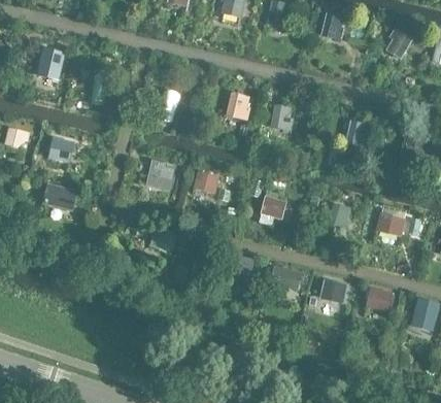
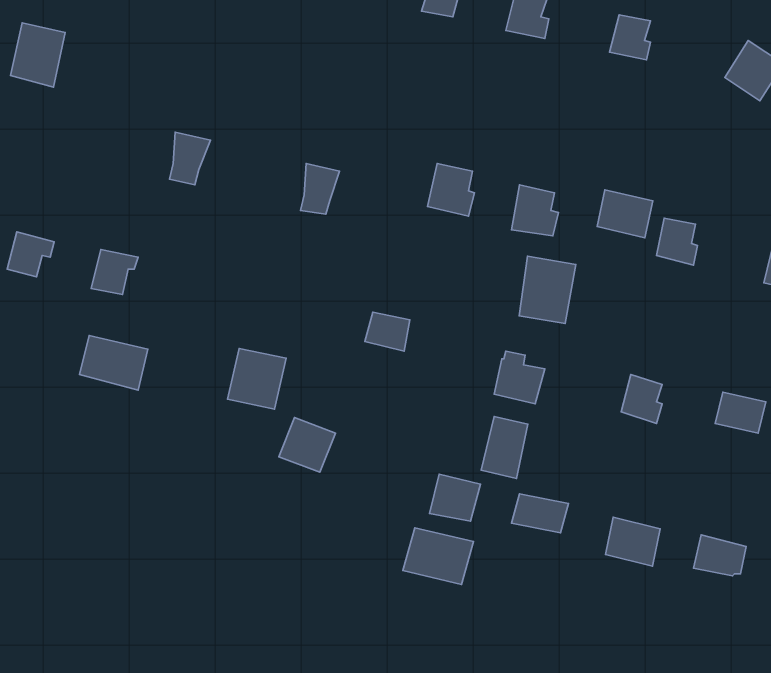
building: [37,47,66,81] -> [10,23,65,87]
building: none -> [597,190,653,238]
building: none -> [519,256,576,323]
building: [145,160,176,192] -> [227,348,286,409]
building: none -> [481,416,528,478]
building: none -> [403,528,473,584]

